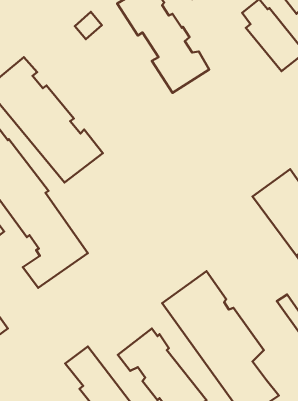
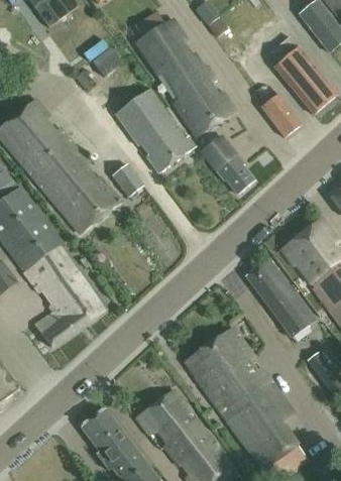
building: none -> [115,88,194,171]
building: none -> [261,93,302,136]
building: none -> [202,135,254,194]
building: none -> [111,162,143,197]
building: none -> [245,257,315,336]

